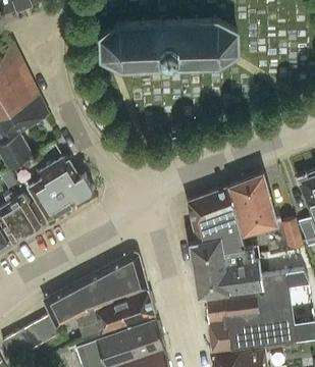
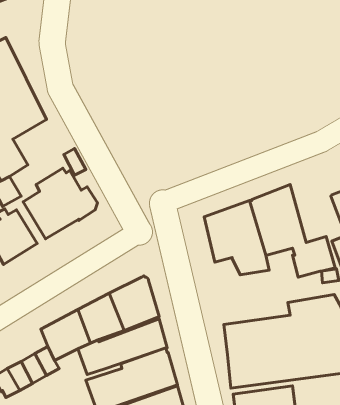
building: [100,18,239,70] -> none
building: [196,238,263,296] -> none

